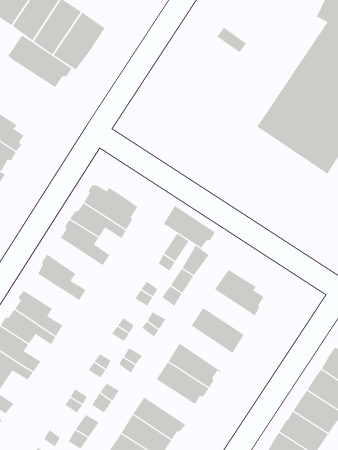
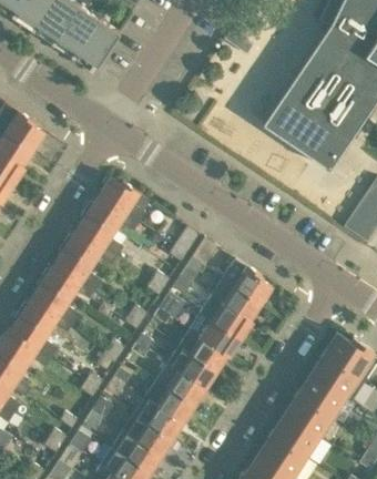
building: [7,35,72,88] -> none
building: [163,205,216,249] -> [211,279,261,320]
building: none -> [63,231,116,266]
building: none -> [41,265,94,299]
building: none -> [188,314,240,357]
building: none -> [155,365,204,408]

